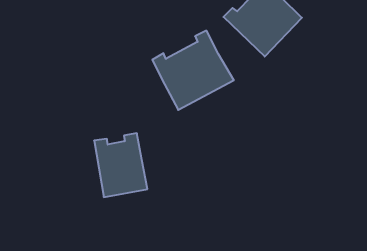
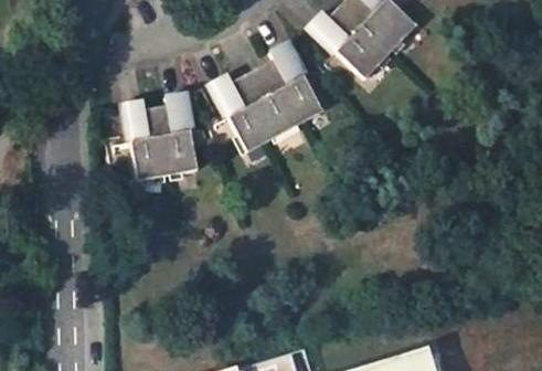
building: [94,133,147,197] -> [125,92,198,179]

